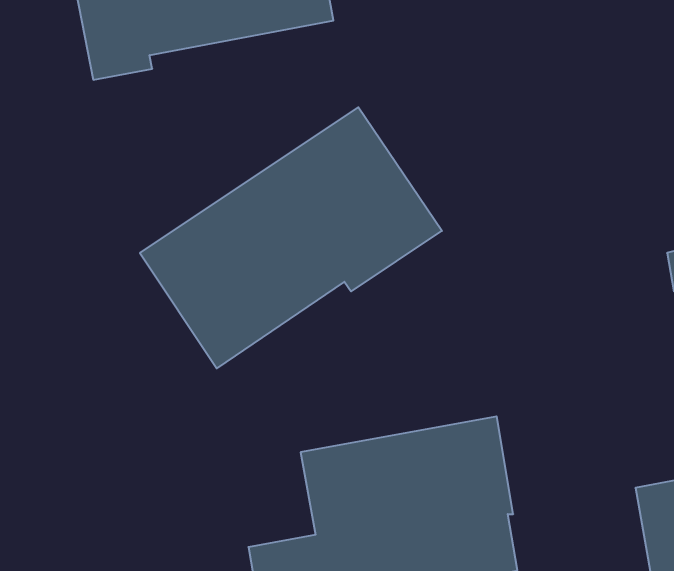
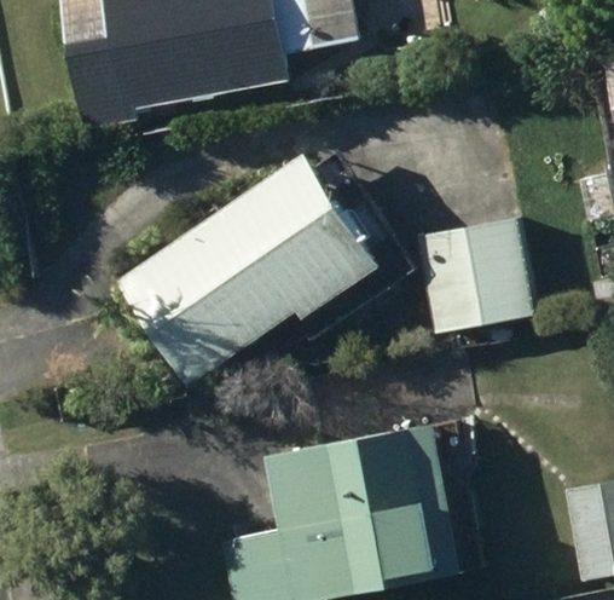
building: none -> [417,215,532,329]

